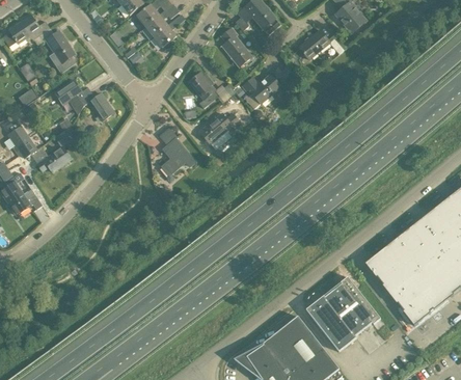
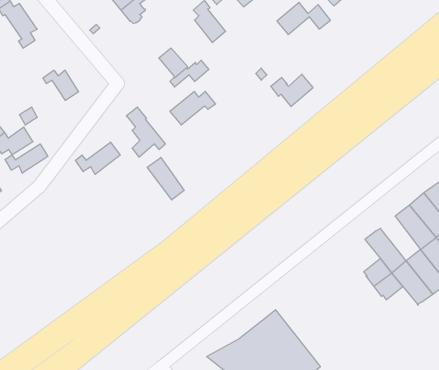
building: [241,74,280,104] -> [271,74,313,106]
building: [53,79,90,105] -> none
building: none -> [75,142,120,174]
building: none -> [5,144,48,173]
building: none -> [147,157,184,200]
building: [395,228,432,270] -> none
building: [364,250,395,280] -> none
building: [305,276,380,351] -> none
building: [400,294,430,325] -> none

